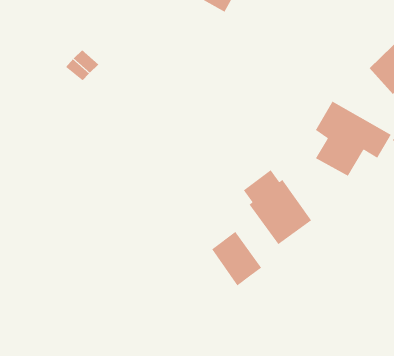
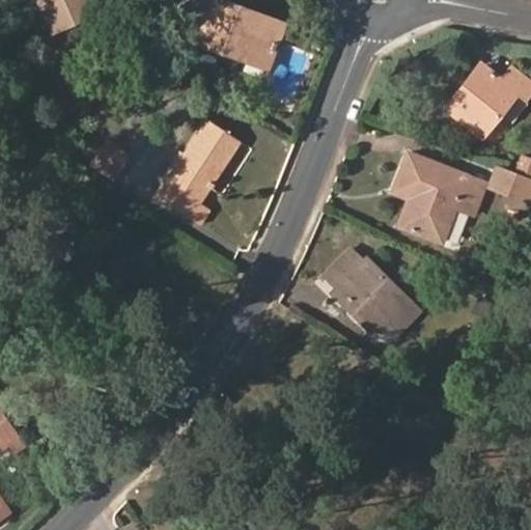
building: none -> [159,123,241,225]
building: [211,231,262,287] -> none

